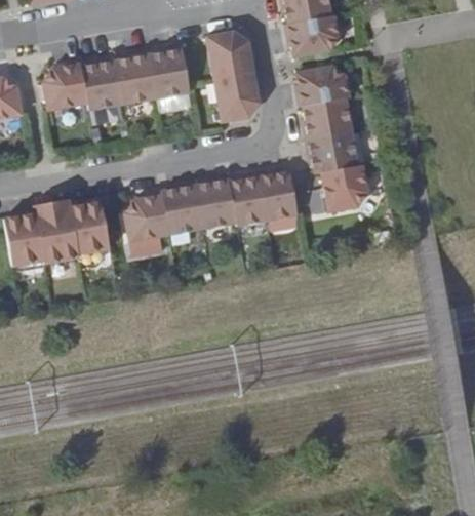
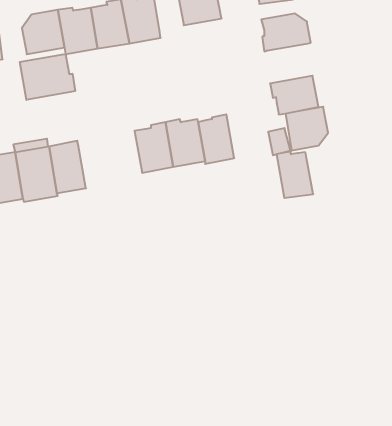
building: [214,72,260,122] -> none
building: [303,98,351,141] -> none
building: none -> [20,54,75,100]
building: [260,170,299,220] -> [276,151,313,198]
building: [125,195,170,242] -> none

